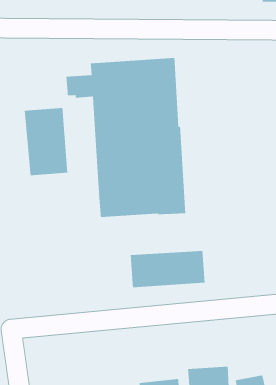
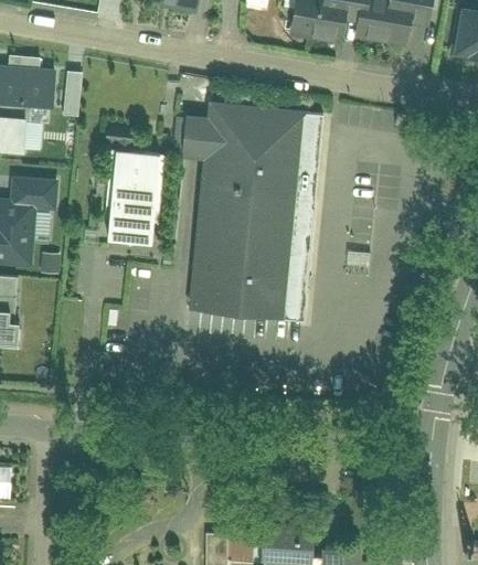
building: [130,250,205,288] -> none

